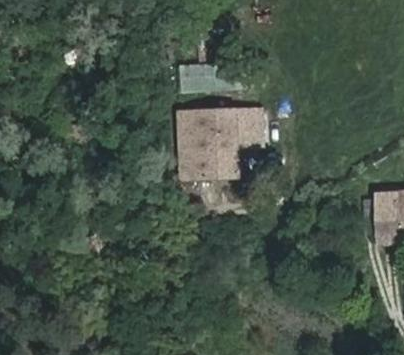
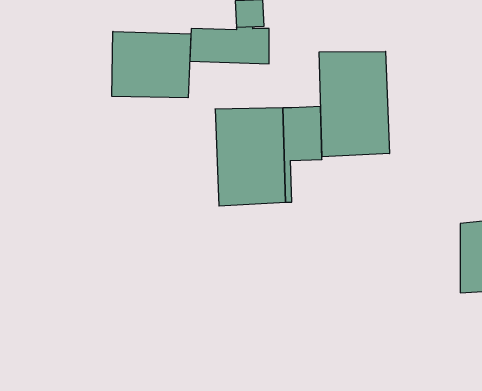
building: none -> [112,31,191,98]
building: none -> [319,51,389,157]

